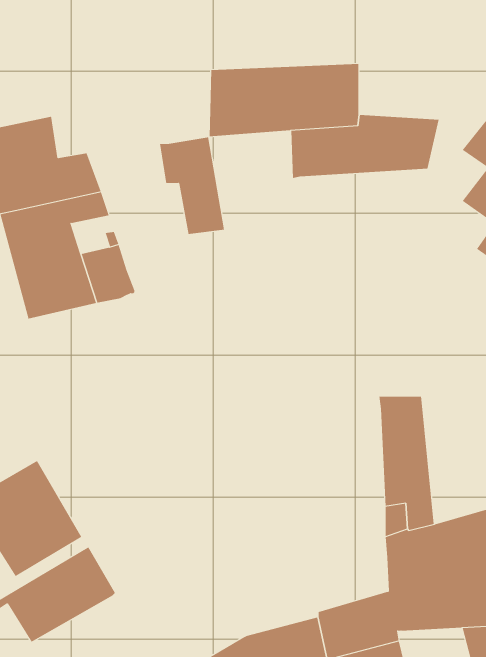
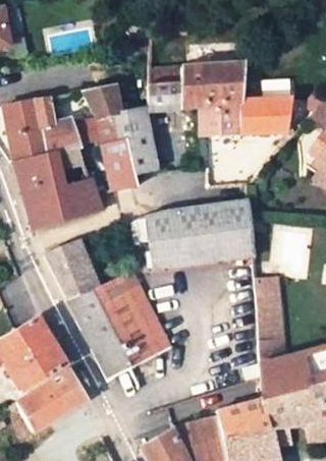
building: none -> [84,83,138,190]
building: none -> [141,198,254,271]
building: none -> [46,238,170,381]

